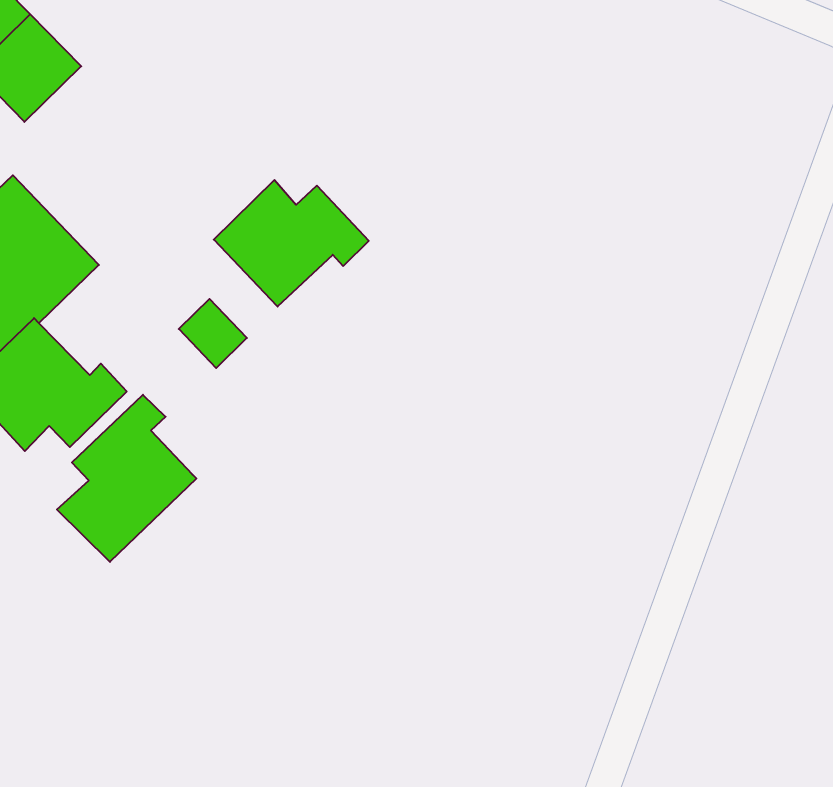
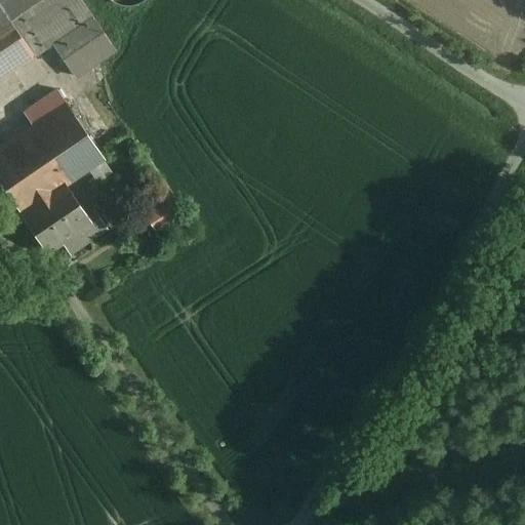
building: [214,180,369,307] -> none
building: [57,395,196,562] -> none

